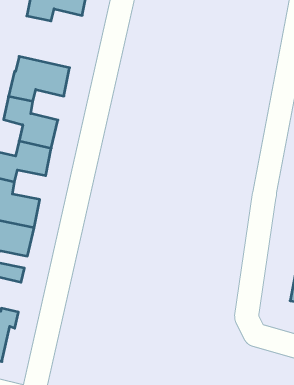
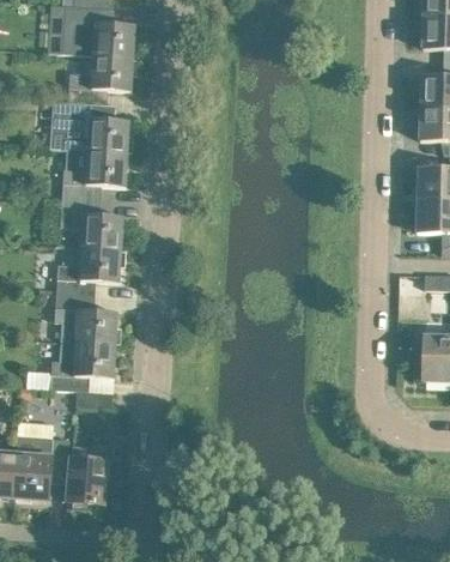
building: none -> [50,102,129,155]

